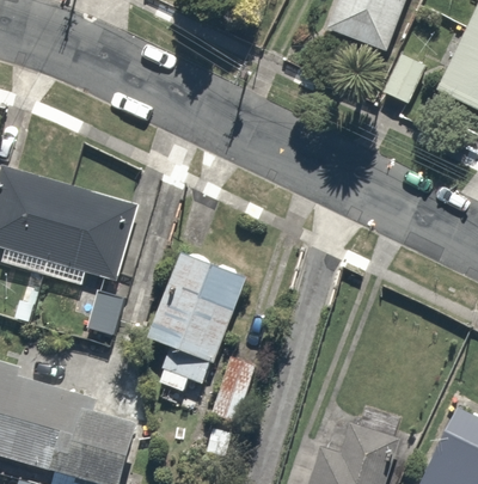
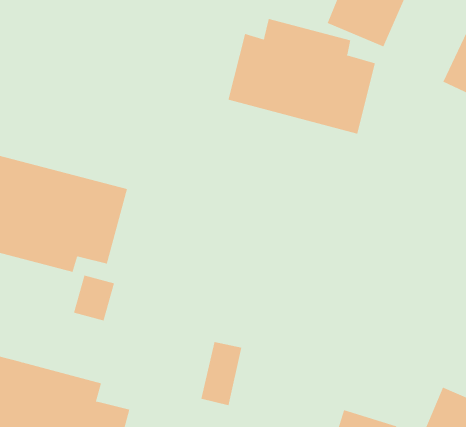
building: none -> [228,18,376,134]
building: [136,252,229,386] -> none

